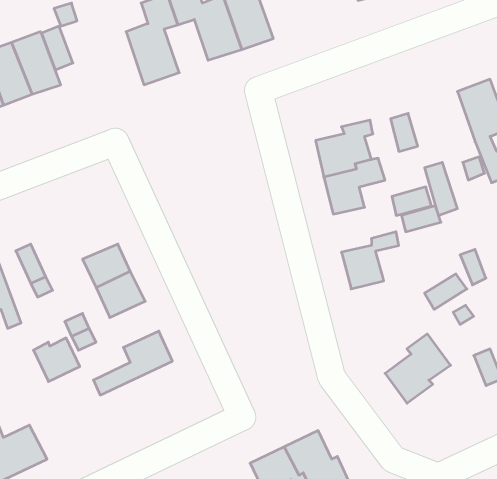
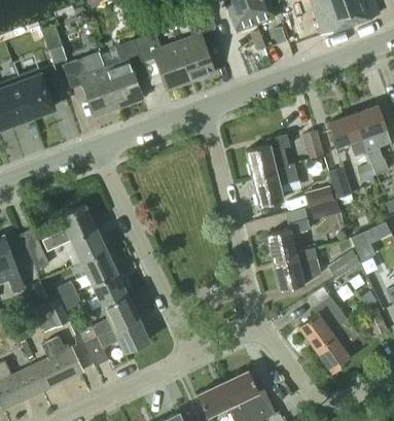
building: none -> [64,58,117,116]
building: none -> [329,113,367,155]
building: none -> [43,205,98,249]
building: none -> [274,248,320,290]
building: none -> [92,272,129,307]
building: none -> [84,317,150,365]
building: none -> [316,320,360,373]
building: none -> [31,336,84,391]

